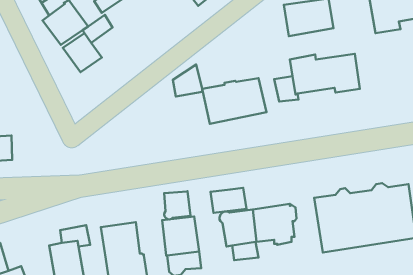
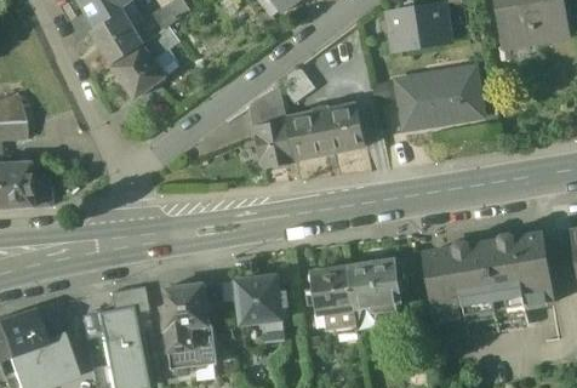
building: none -> [255,115,297,165]
building: [210,188,247,213] -> none
building: [164,191,190,219] -> none

